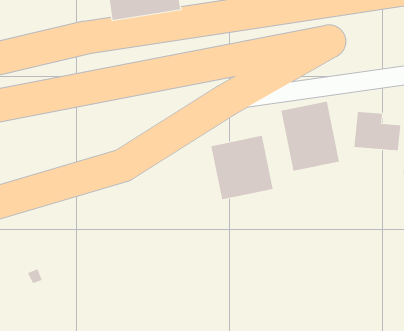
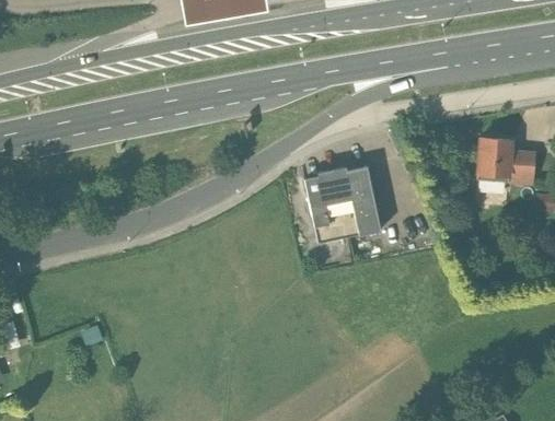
building: [281,101,339,171] -> none

